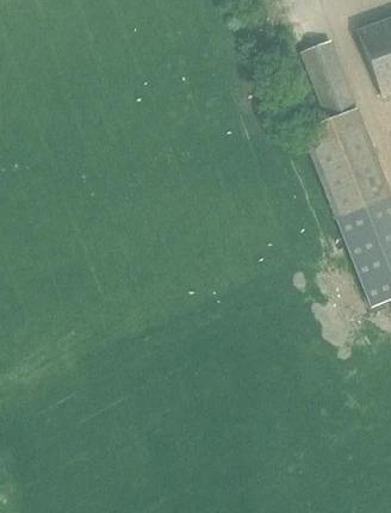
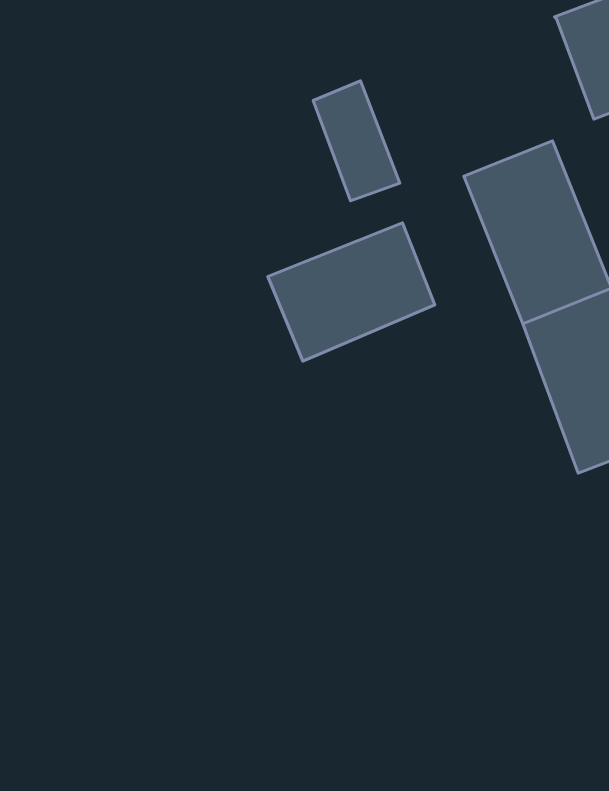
building: [302,41,354,113] -> [313,81,400,201]
building: none -> [268,223,435,361]

